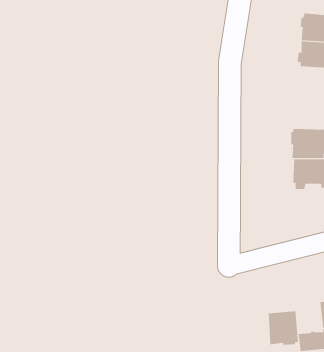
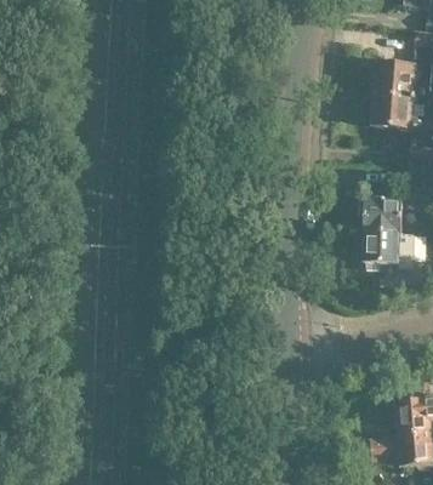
building: [268,311,298,345] -> none

